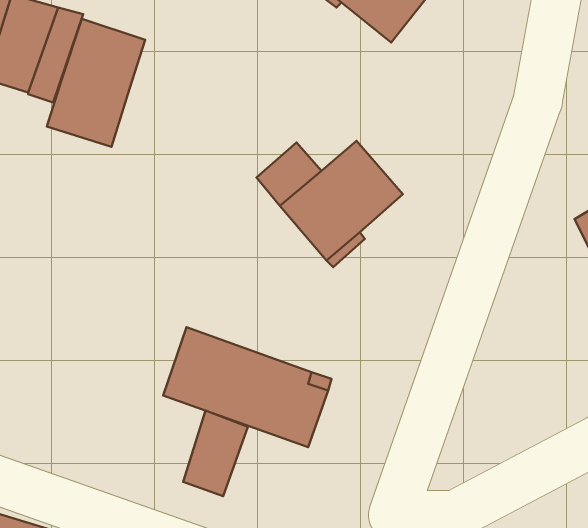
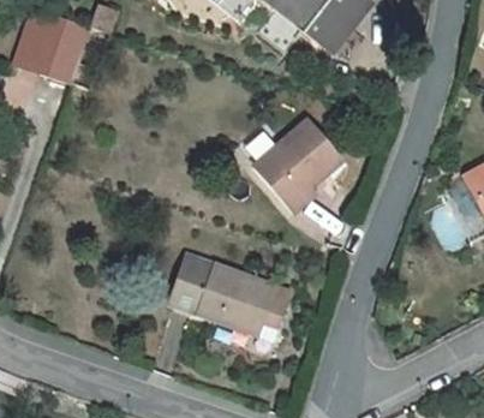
building: [47,19,145,147] -> none
building: [183,410,248,496] -> none

